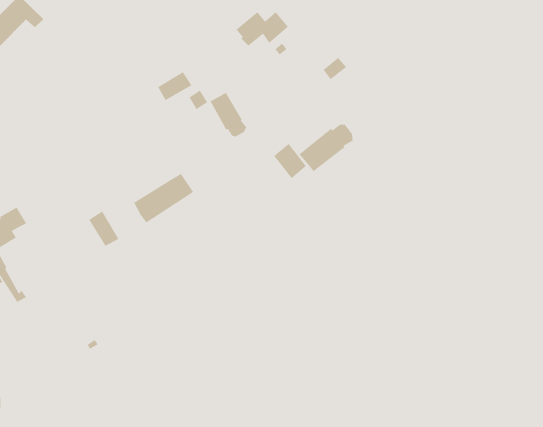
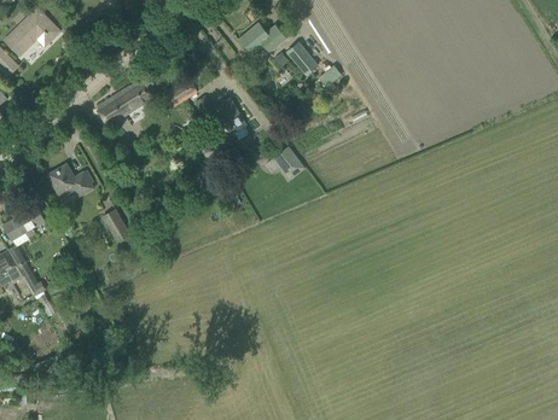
building: none -> [285,40,318,75]
building: [299,124,354,172] -> none
building: none -> [47,163,93,197]
building: [133,173,194,223] -> [95,78,152,126]

